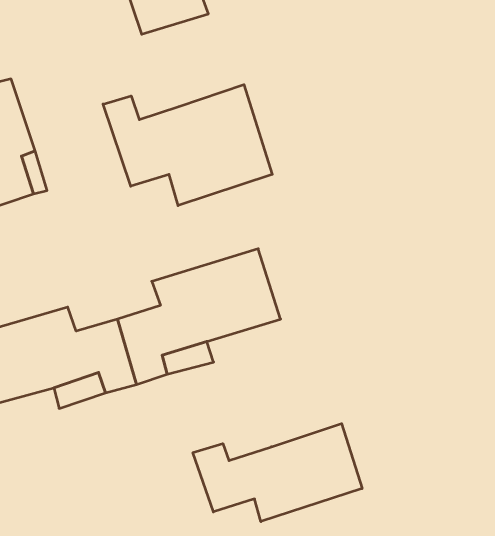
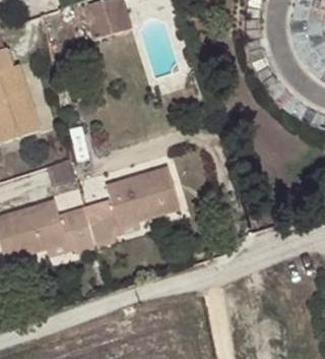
building: [103,85,272,206] -> none
building: [193,424,362,522] -> none

